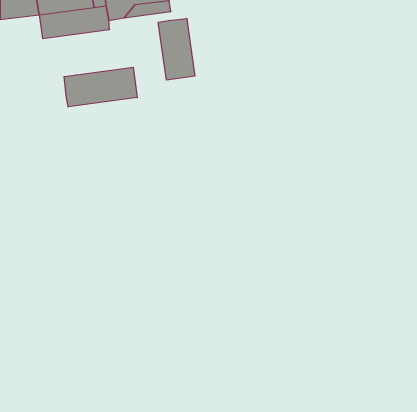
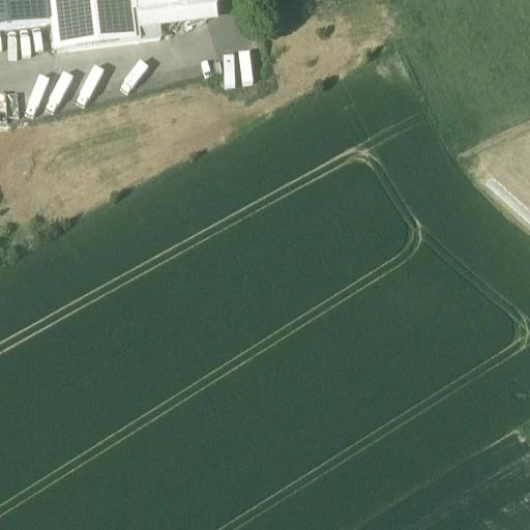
building: [158,18,195,80] -> none
building: [64,67,137,107] -> none

